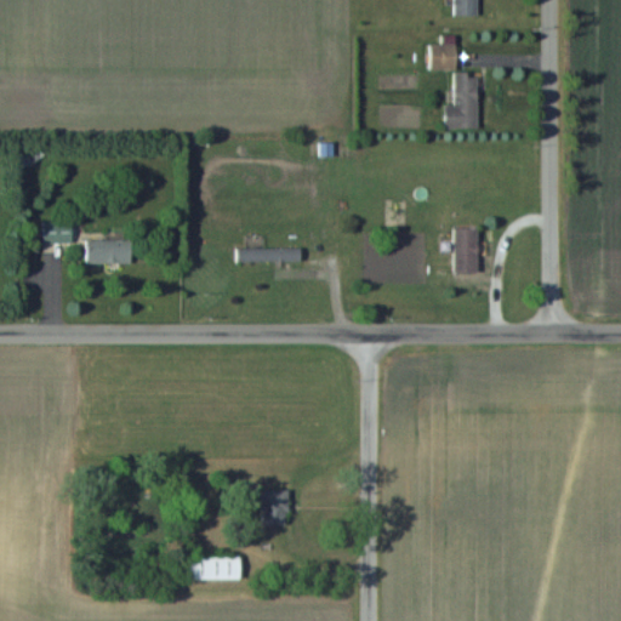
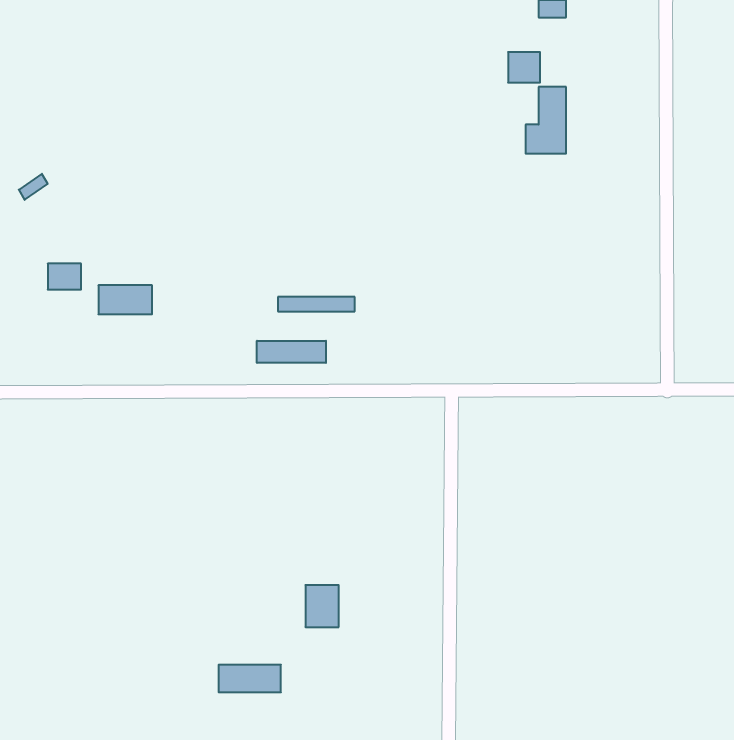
building: [455,227,478,272] -> none
building: none -> [257,341,326,363]

